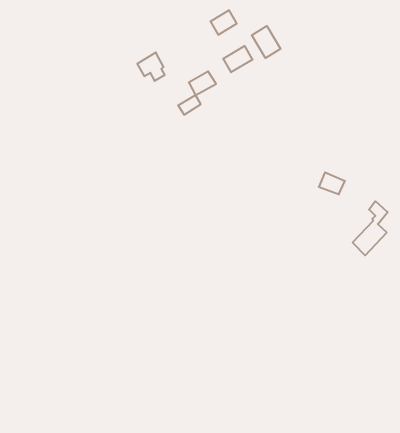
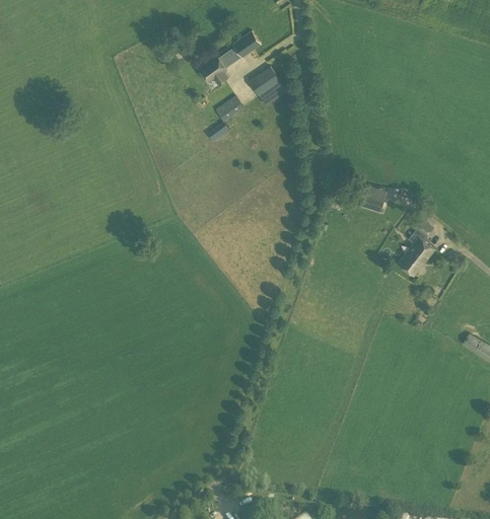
building: [252,26,281,58] -> none
building: [137,52,165,81] -> [198,56,227,85]

